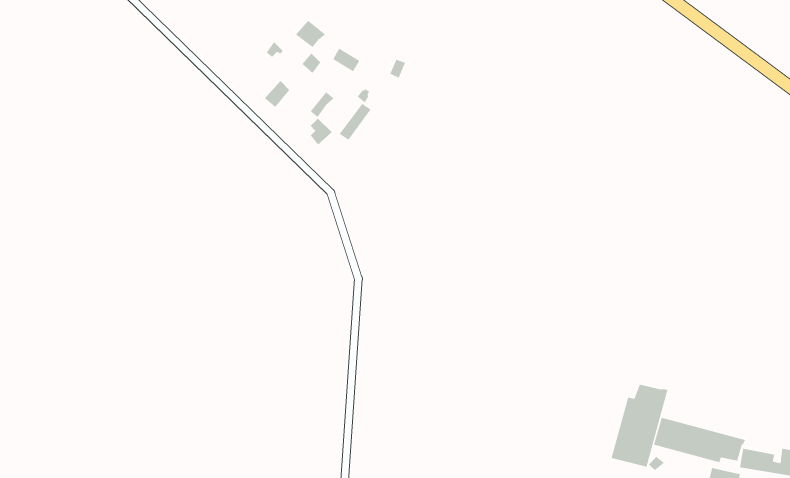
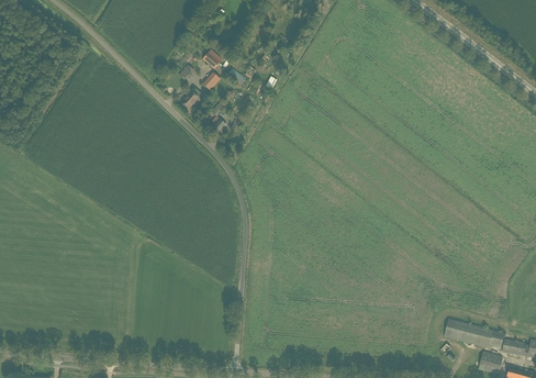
building: [611,384,668,468] -> none

